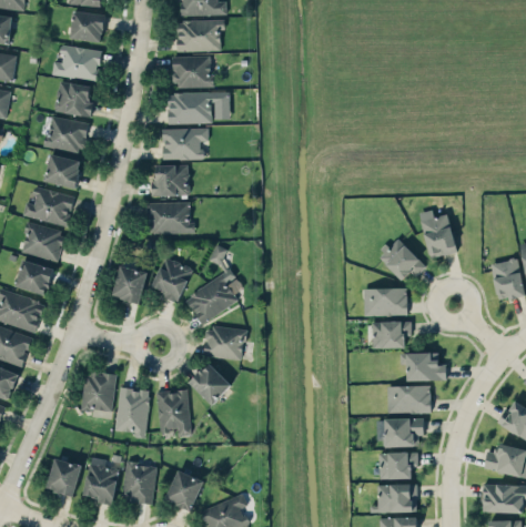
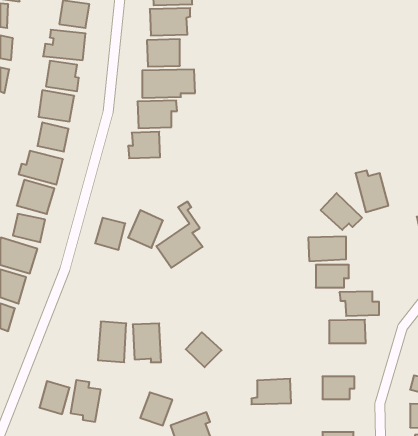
building: [146,202,194,233] -> none
building: [203,325,245,359] -> none
building: [190,363,232,404] -> [186,332,222,367]
building: [81,372,115,412] -> none
building: [385,417,424,447] -> none
building: [121,462,156,504] -> none
building: [371,483,417,513] -> [251,379,291,404]

